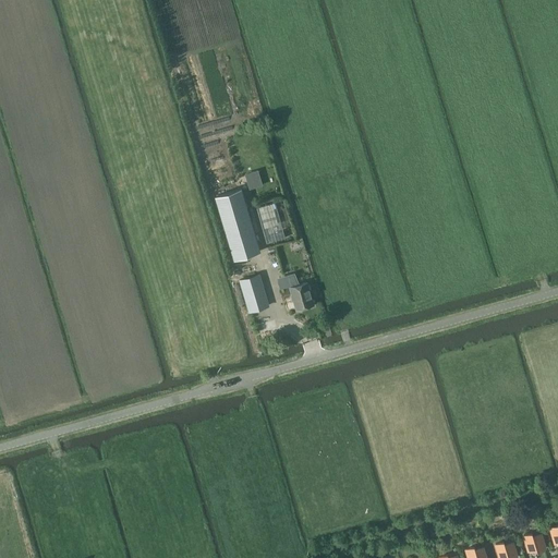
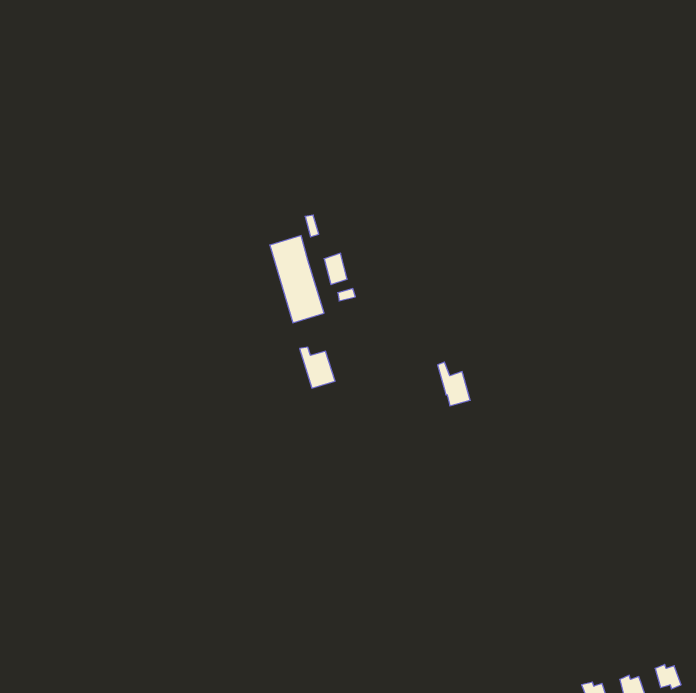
building: [287,276,313,311] -> [438,362,470,406]

